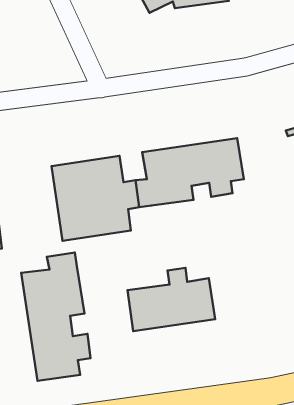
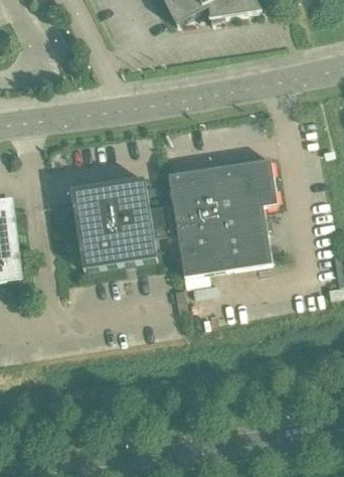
building: [21,252,91,381] -> none
building: [127,268,215,331] -> [179,207,274,276]

